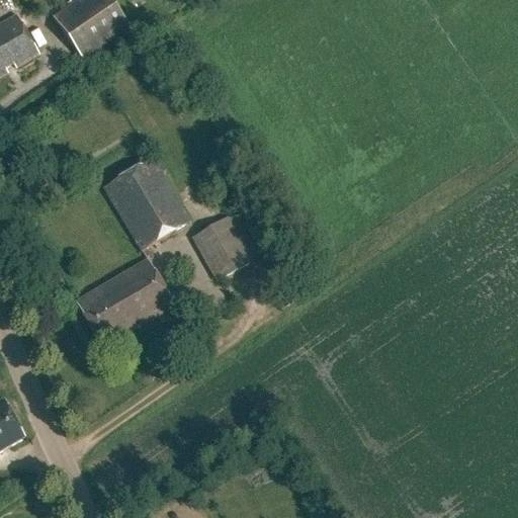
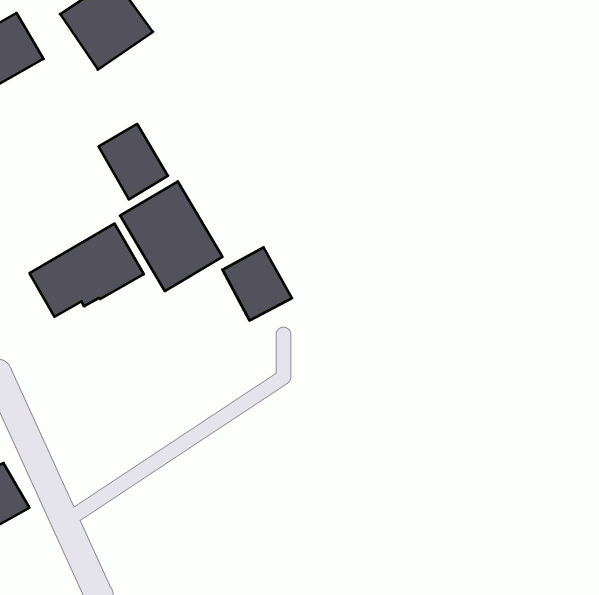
building: none -> [99,124,168,199]
building: [74,257,172,337] -> [30,224,144,317]

